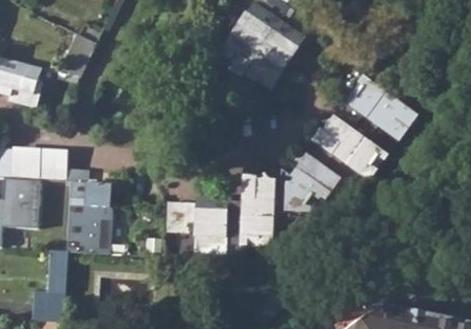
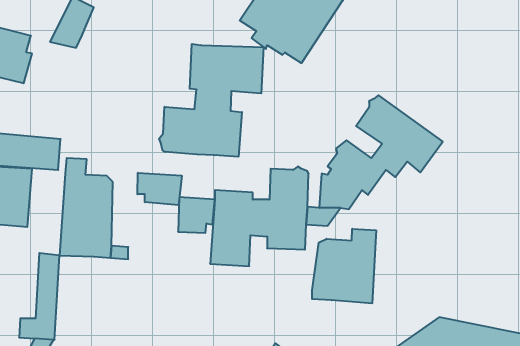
building: none -> [159,44,264,157]
building: [344,75,417,140] -> none
building: none -> [137,173,182,205]
building: none -> [312,229,376,303]

